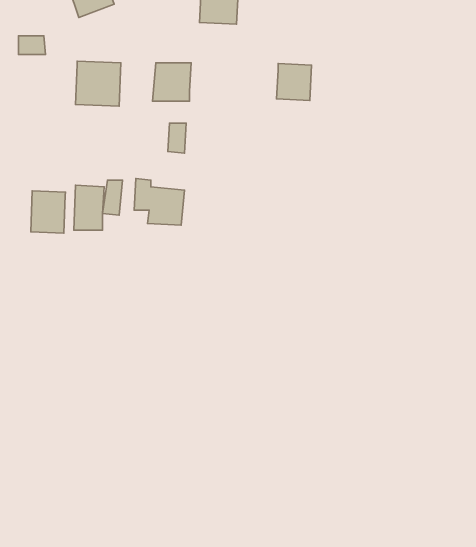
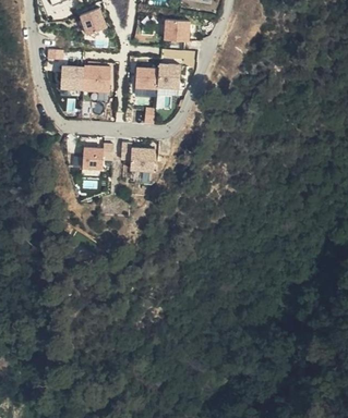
building: none -> [58,66,84,94]
building: [276,64,312,100] -> [157,62,180,86]
building: [31,191,65,233] -> none

